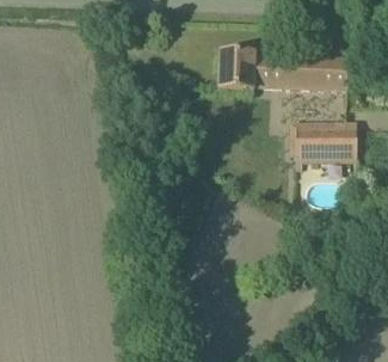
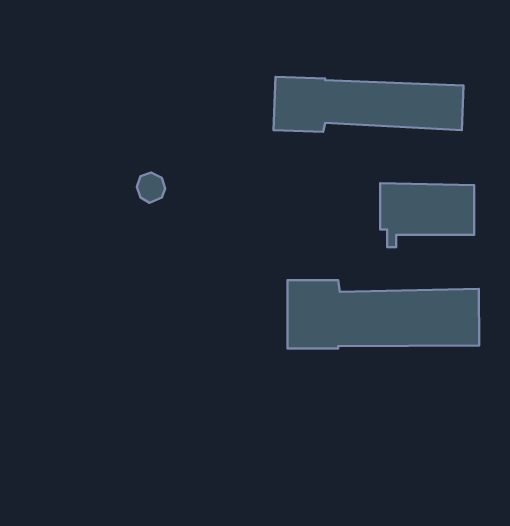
building: none -> [287,280,479,348]

